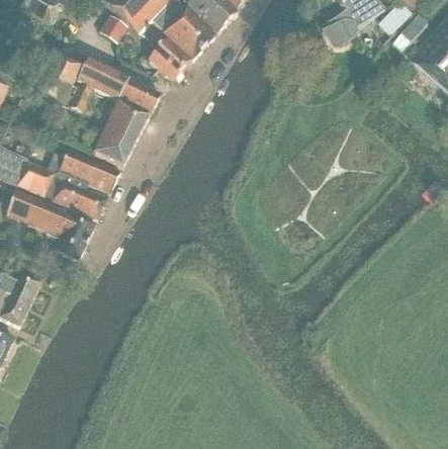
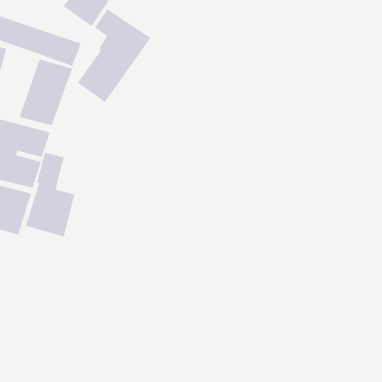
building: none -> [77,8,152,103]
building: none -> [25,151,75,237]

